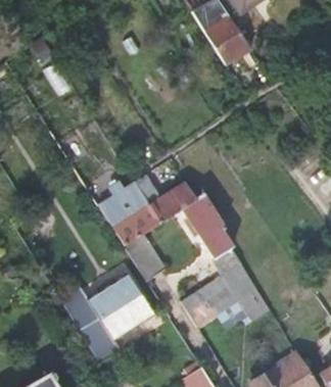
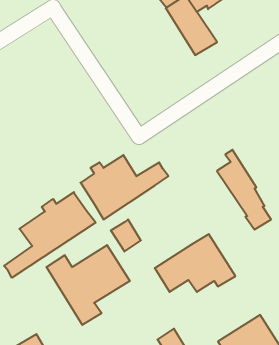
building: [180,185,240,274] -> [217,150,271,230]
building: none -> [4,192,96,278]

